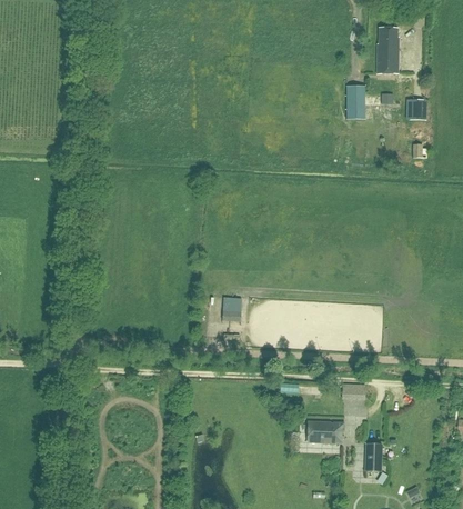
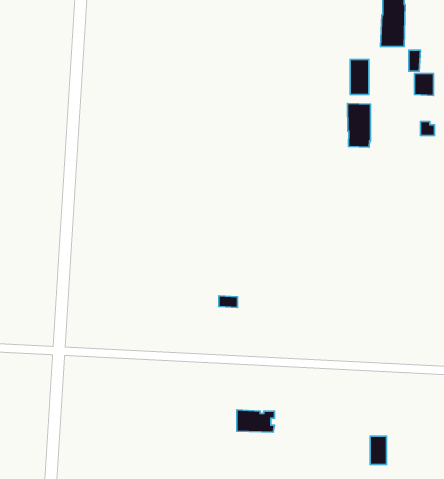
building: none -> [347,103,371,147]
building: [308,420,343,441] -> [237,410,274,432]

